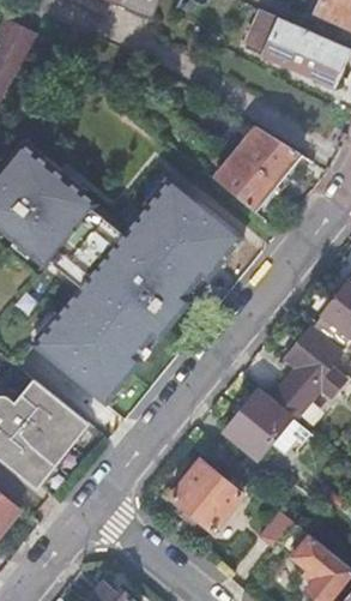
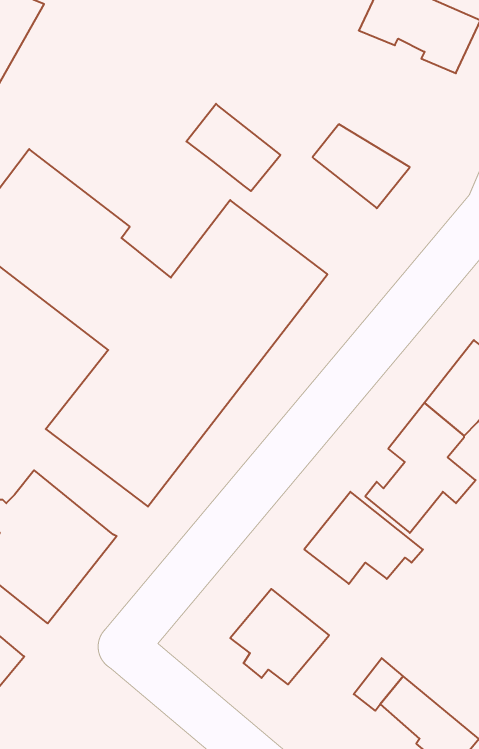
building: [207,148,276,211] -> [186,104,280,191]

